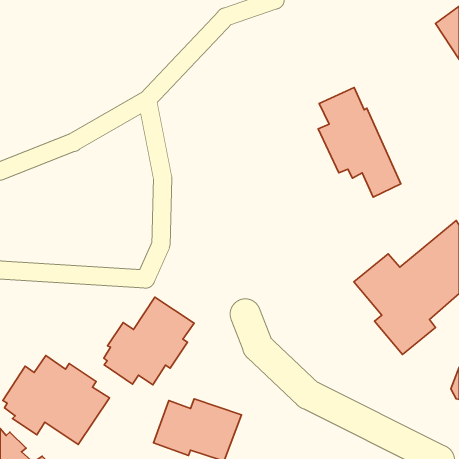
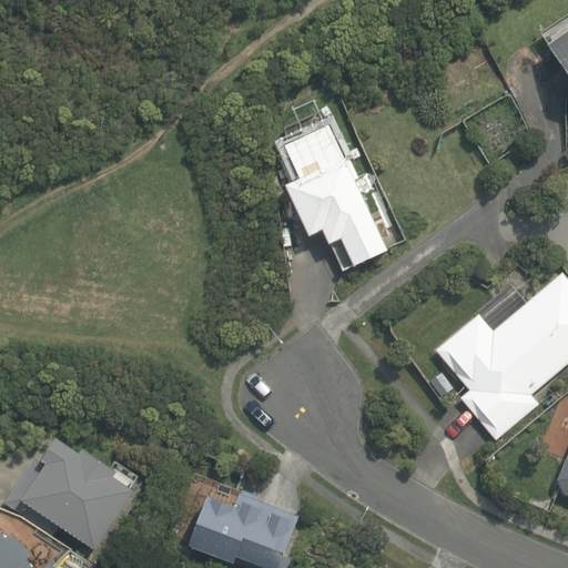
building: [318,87,401,197] -> [284,131,386,266]
building: [104,297,194,385] -> none

